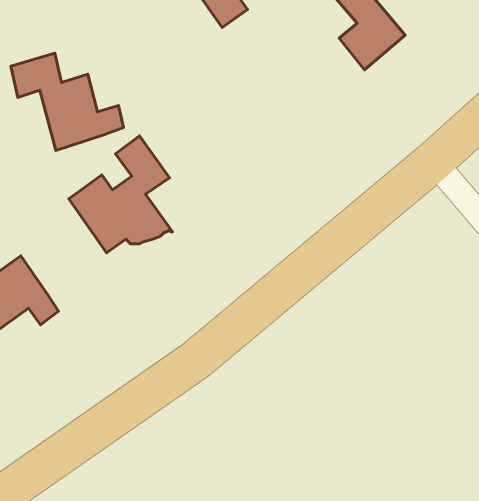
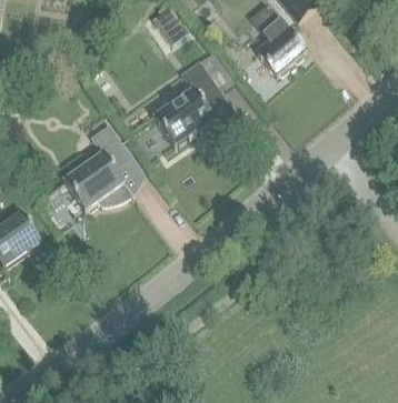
building: none -> [153,50,235,147]
building: [11,53,124,151] -> none

